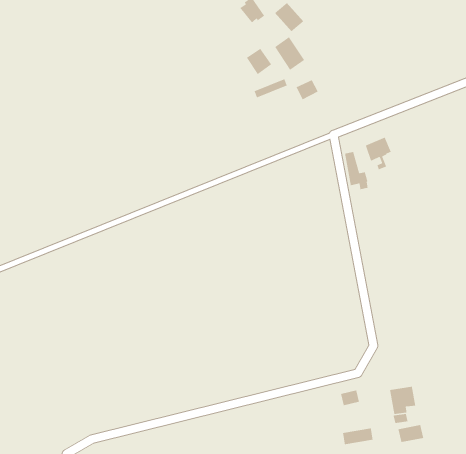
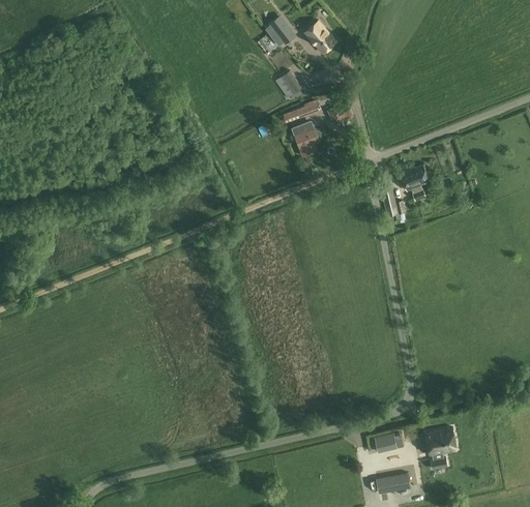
building: [274,36,305,71] -> none
building: none -> [292,123,322,157]
building: [398,424,424,443] -> none

